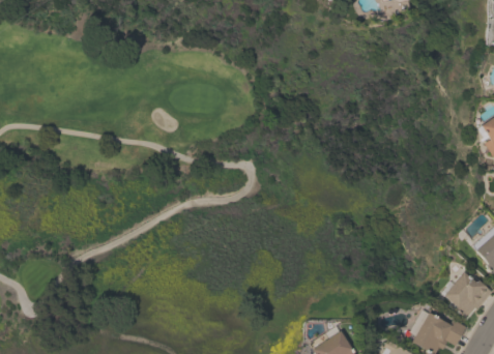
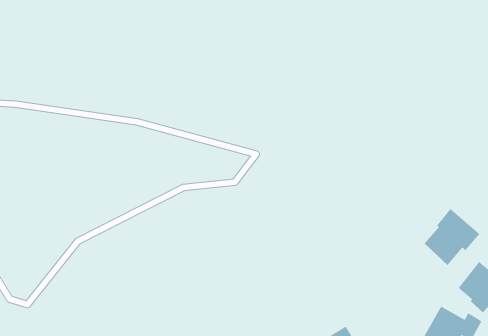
building: none -> [424,208,480,266]

